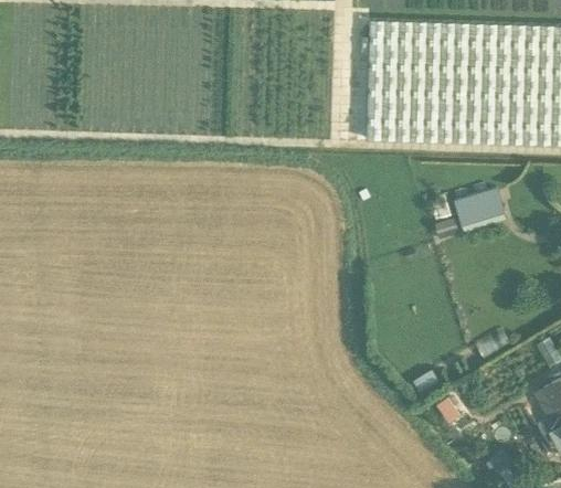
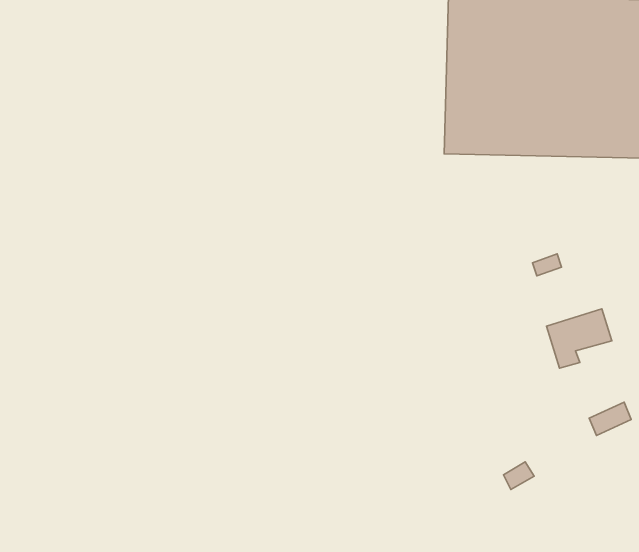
building: [454,188,504,233] -> [547,309,612,368]

